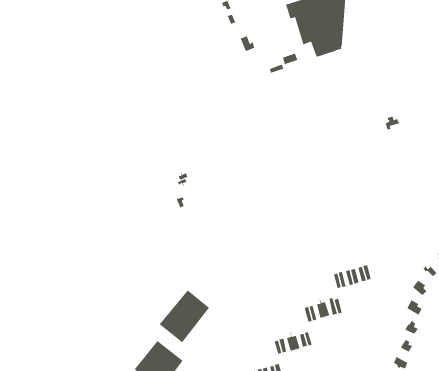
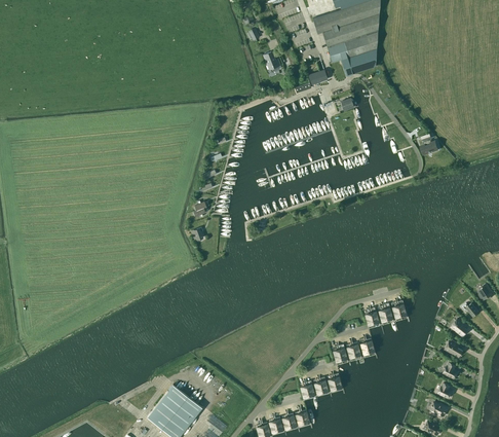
building: [159,290,210,343] -> none

